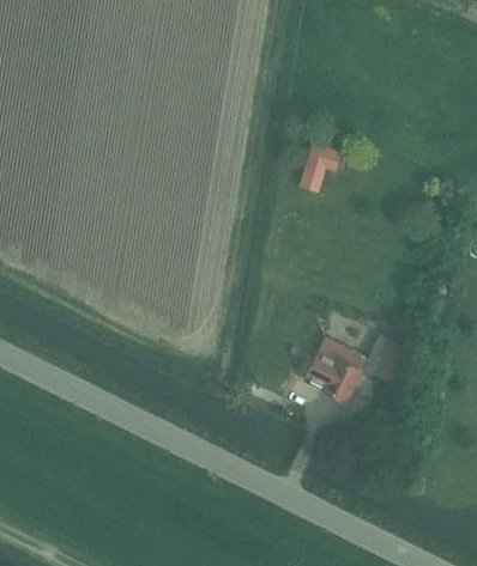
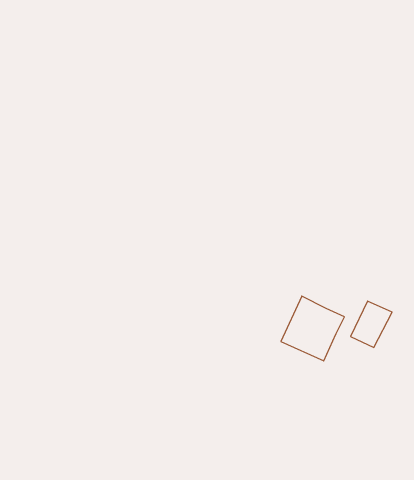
building: [301,140,344,190] -> none

